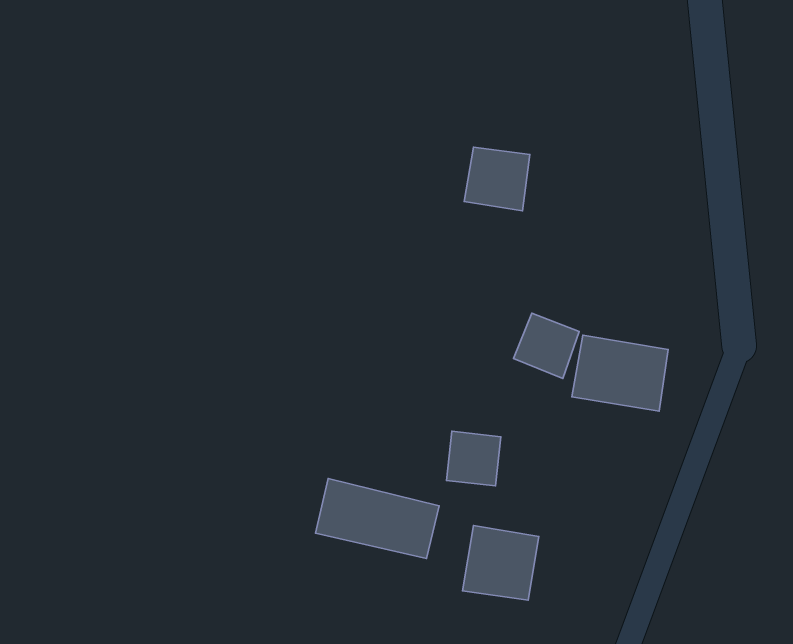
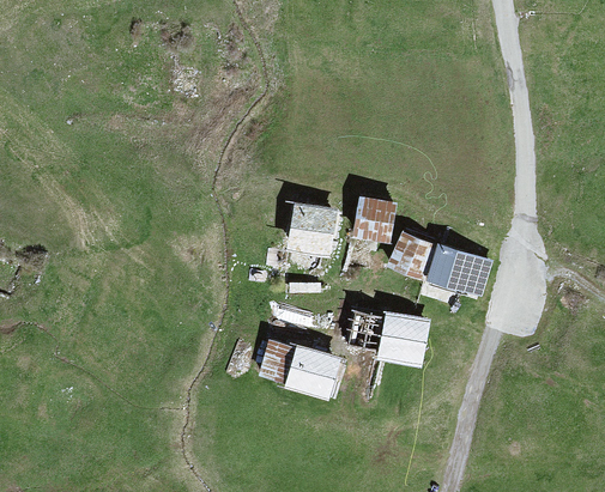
building: [464,147,530,211] -> [352,199,395,241]
building: none -> [294,207,333,247]
building: [463,526,539,600] -> [382,311,432,360]

